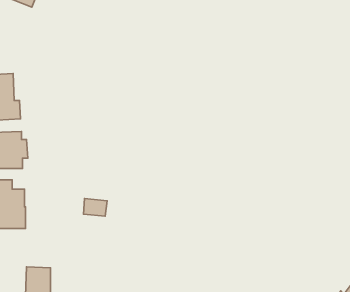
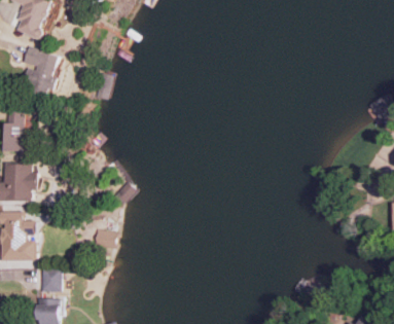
building: none -> [22,46,61,97]
building: none -> [38,269,60,292]

